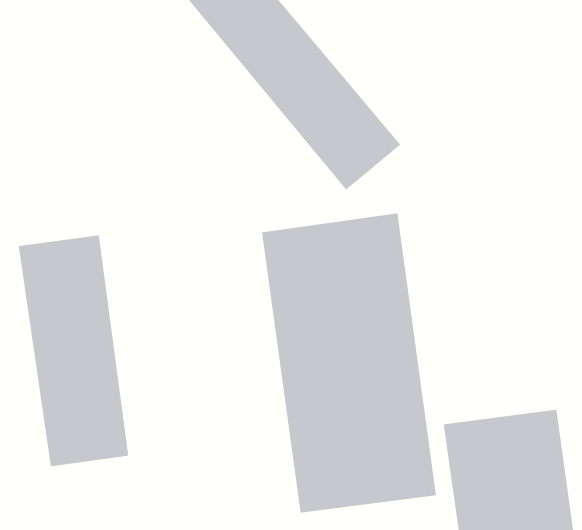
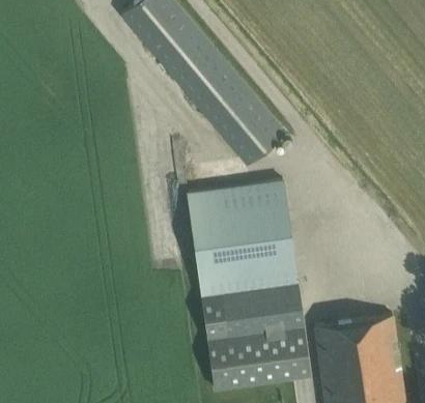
building: [18,234,129,467] -> none

